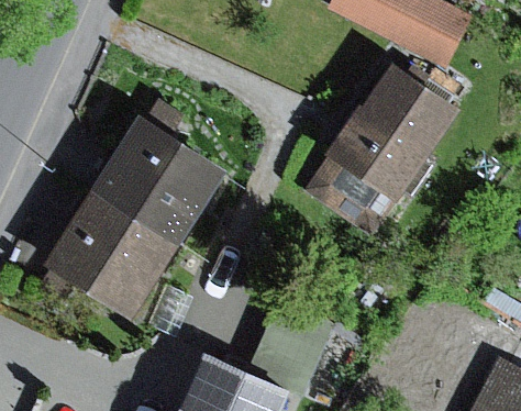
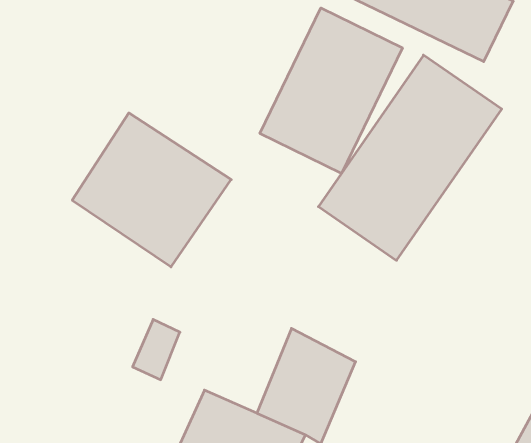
building: none -> [260,8,402,173]
building: [45,186,178,315] -> none

